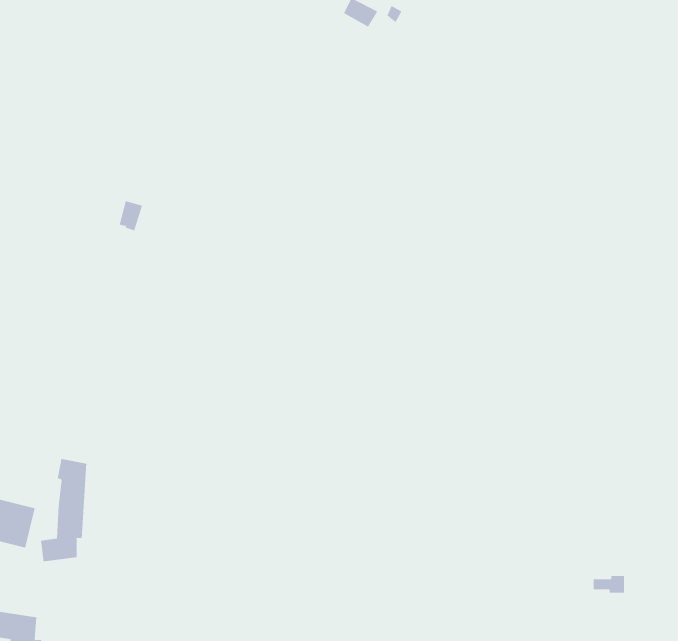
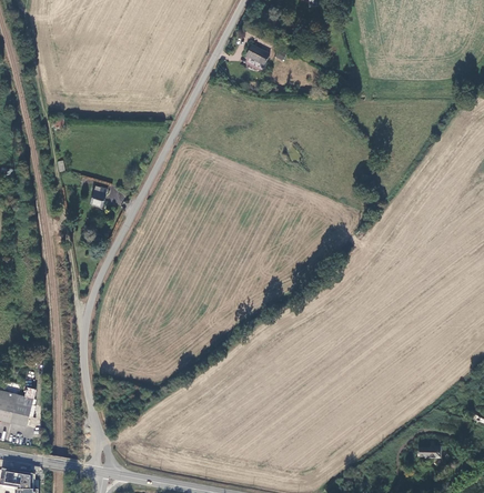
building: [41,458,87,562] -> none

